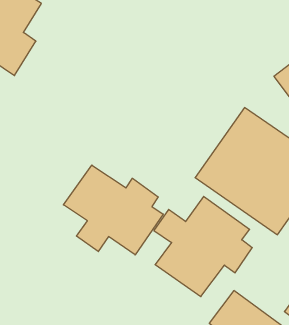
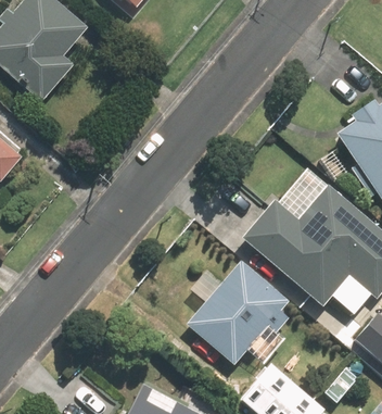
building: [63,165,163,255] -> none

